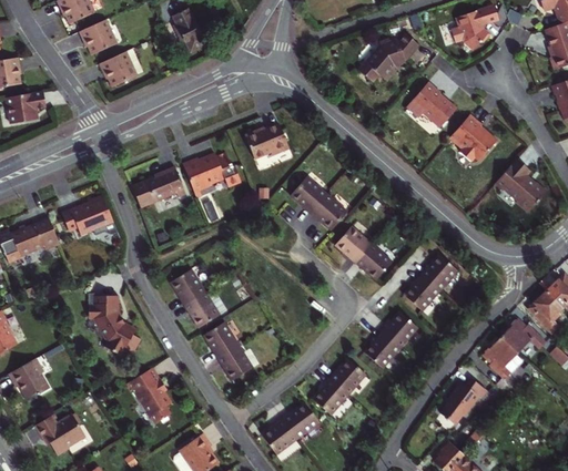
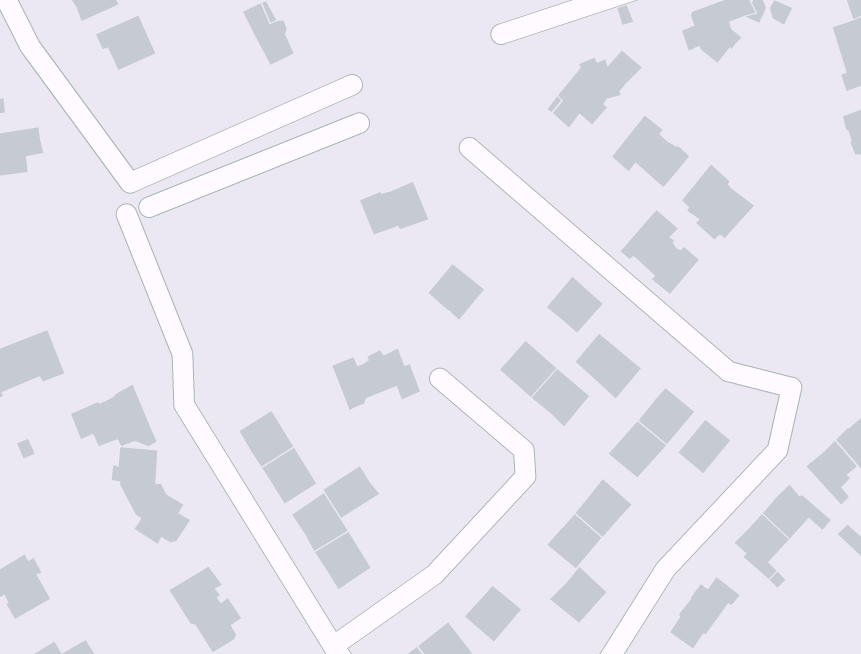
building: [99,48,145,86] -> none
building: [184,154,241,194] -> [332,348,421,411]
building: [494,157,545,212] -> [619,209,700,295]
building: [143,167,186,205] -> none
building: [310,193,346,229] -> [546,276,604,334]
building: [62,195,118,235] -> [70,384,158,447]
building: none -> [575,333,642,399]
building: none -> [677,419,731,474]
building: none -> [323,465,380,519]
building: [331,359,367,396] -> [549,566,607,624]

